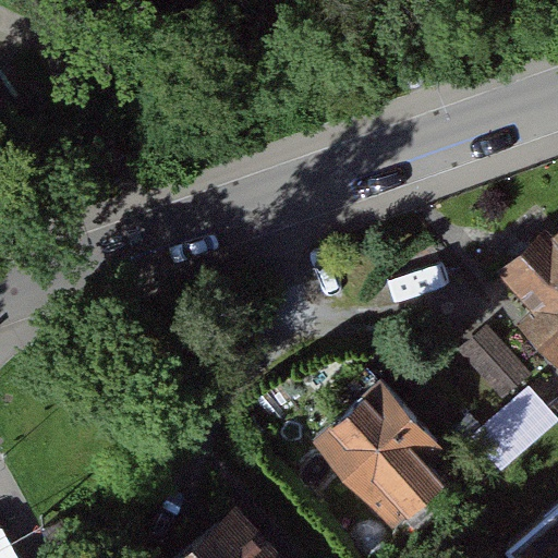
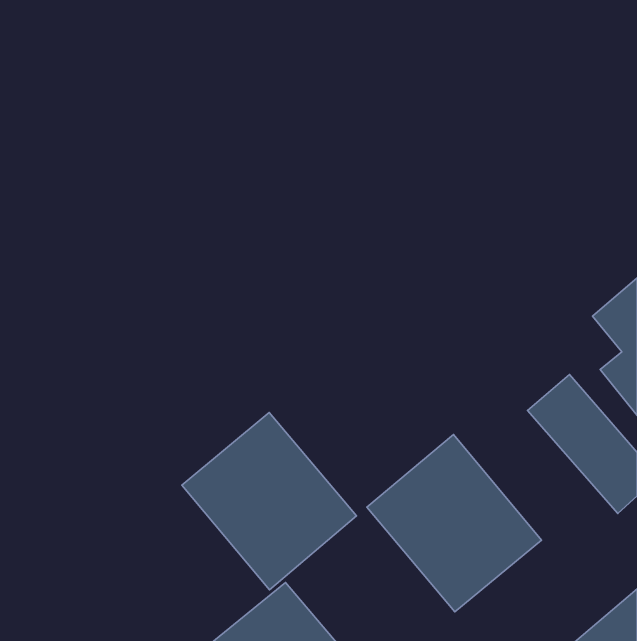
building: none -> [182,413,357,590]

